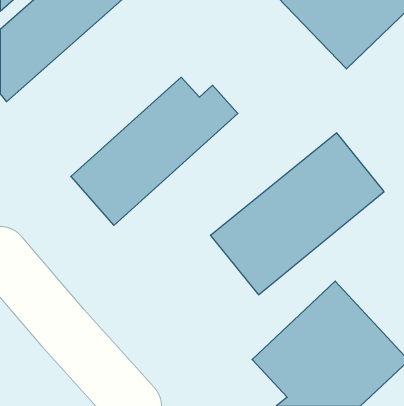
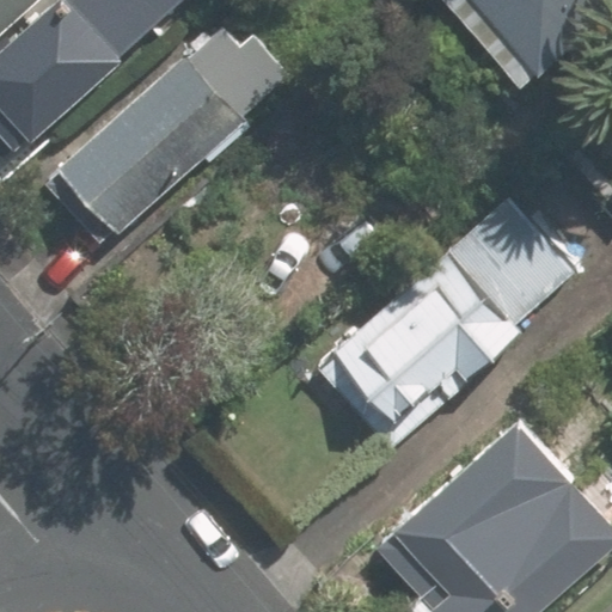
building: [71,77,238,225] -> [49,20,299,241]

